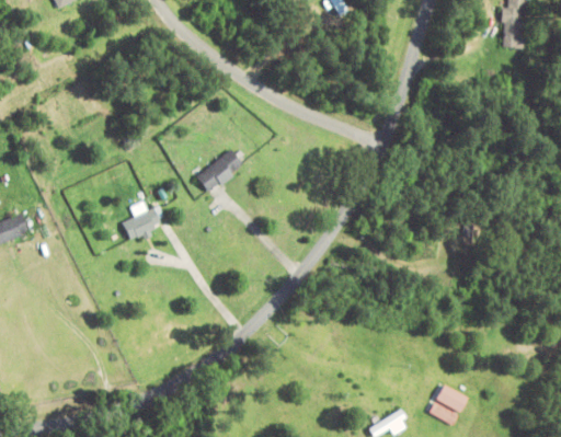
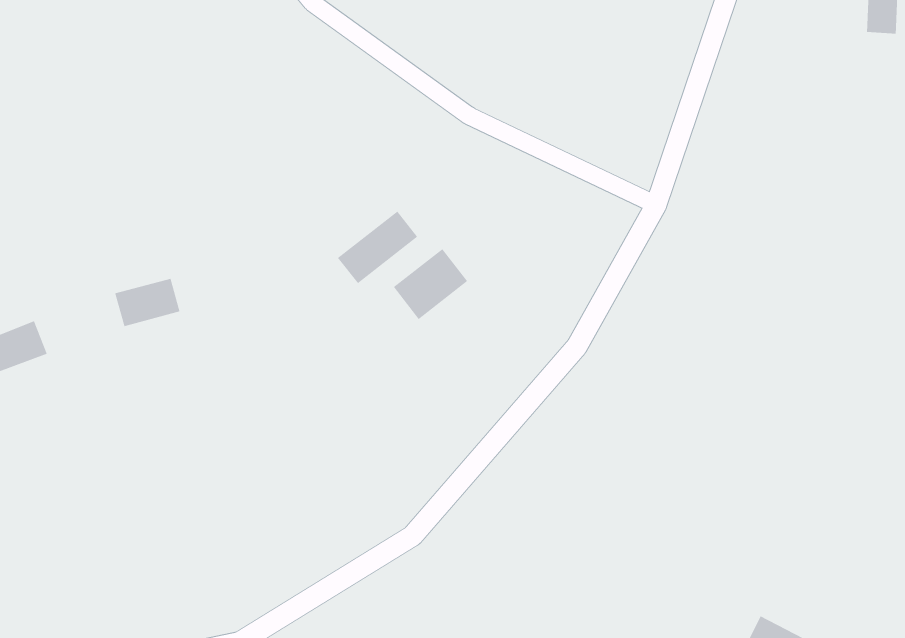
building: none -> [393,248,468,320]
building: [123,209,161,238] -> [114,278,180,327]

